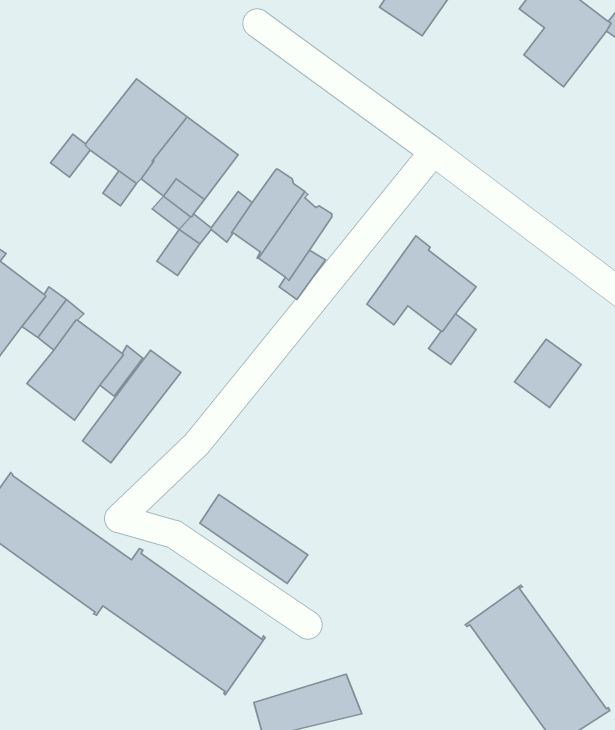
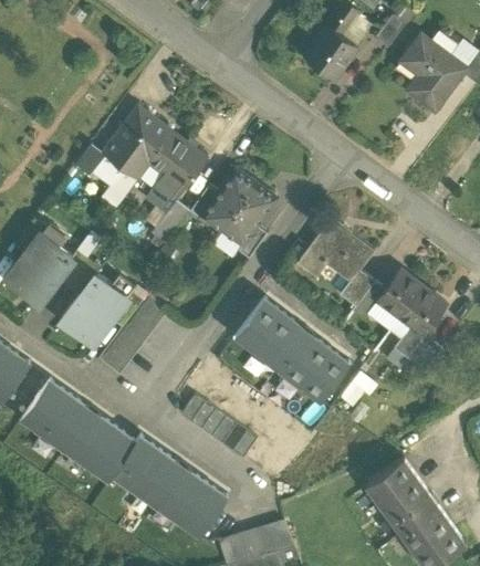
building: none -> [377,272,422,318]
building: none -> [237,302,347,401]
building: none -> [396,327,442,371]

